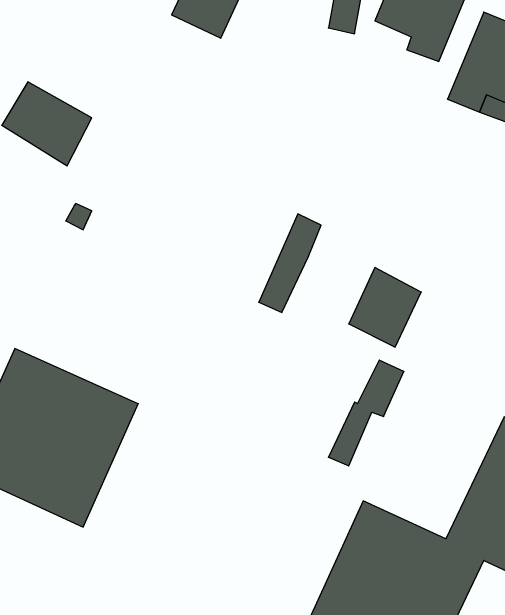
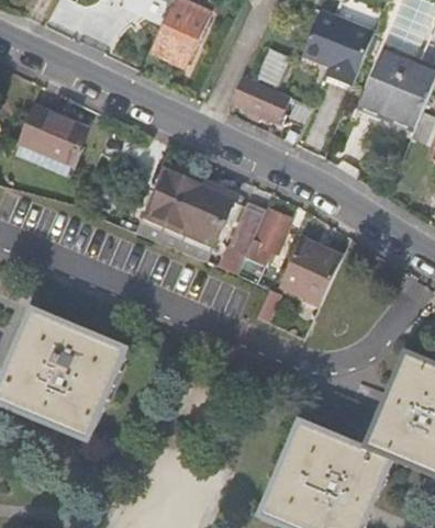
building: none -> [233,77,295,124]
building: none -> [131,175,230,263]
building: [328,360,404,466] -> [235,204,292,284]

